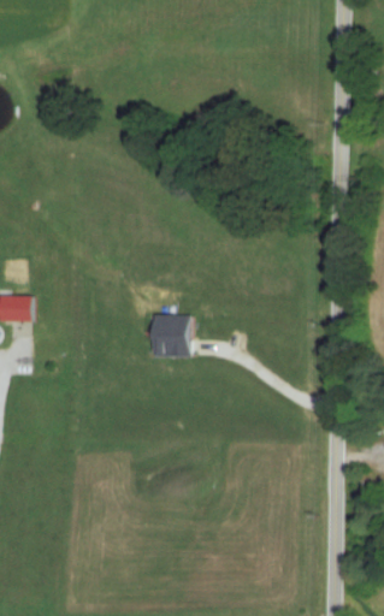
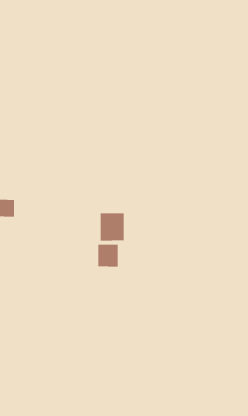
building: none -> [98,244,118,268]

